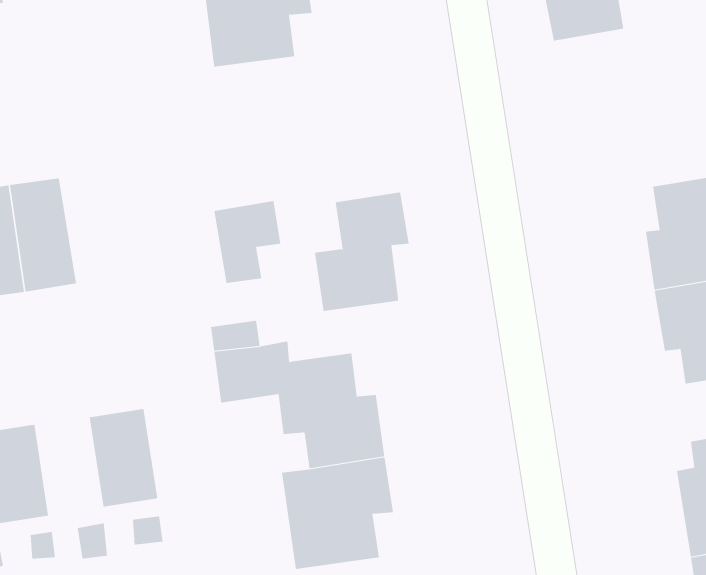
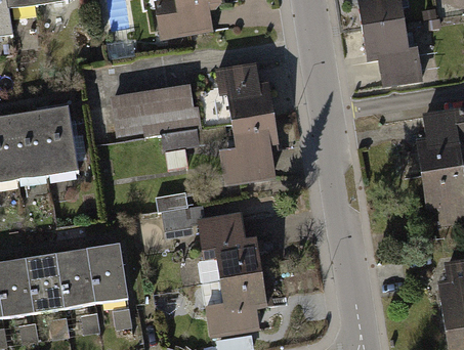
building: none -> [362,19,423,85]
building: none -> [212,63,271,122]
building: none -> [109,85,197,134]
building: none -> [55,249,95,307]

